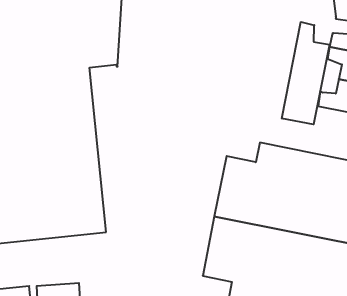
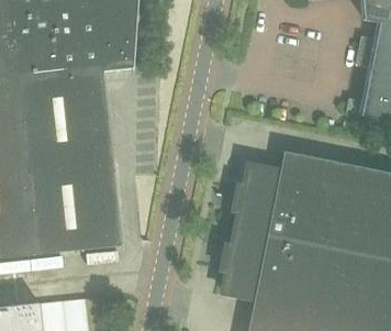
building: [282,22,329,124] -> none

